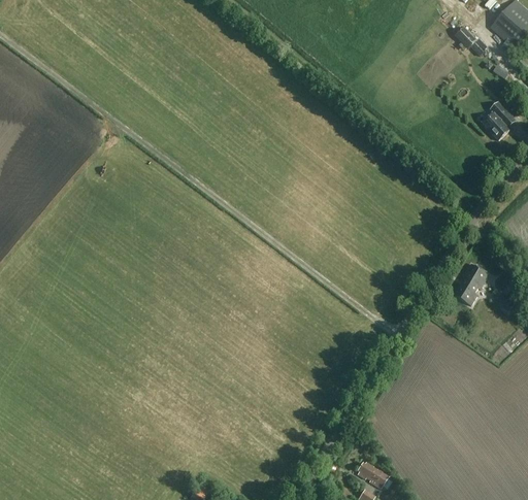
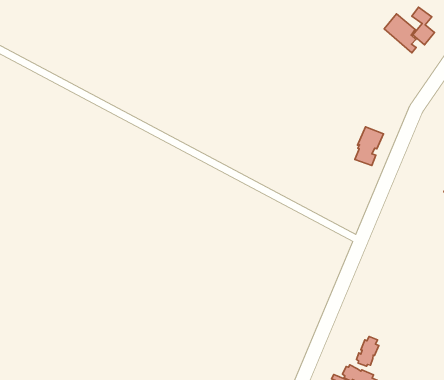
building: [456,264,490,305] -> [355,127,383,166]
building: none -> [356,337,379,366]

